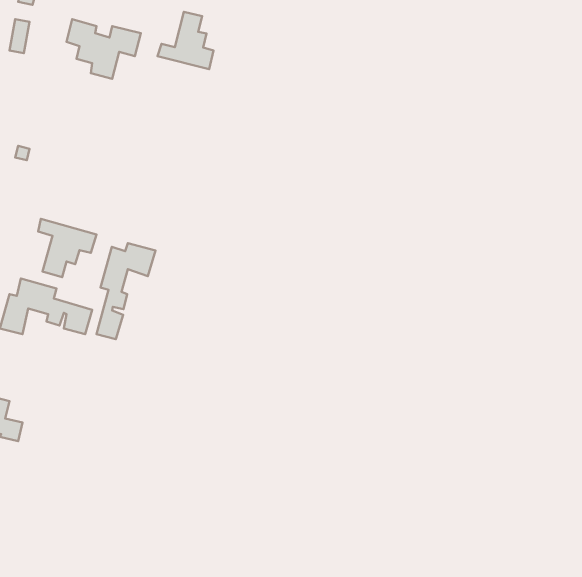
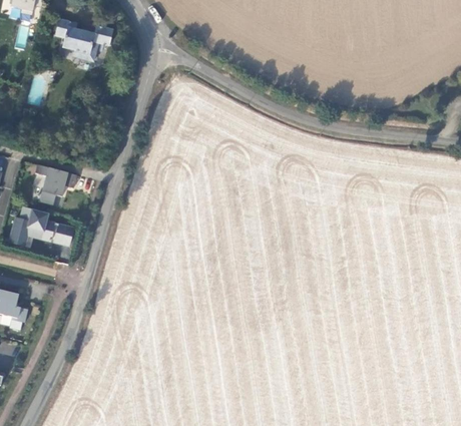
building: [158,12,214,69] -> none
building: [96,243,156,339] -> none

